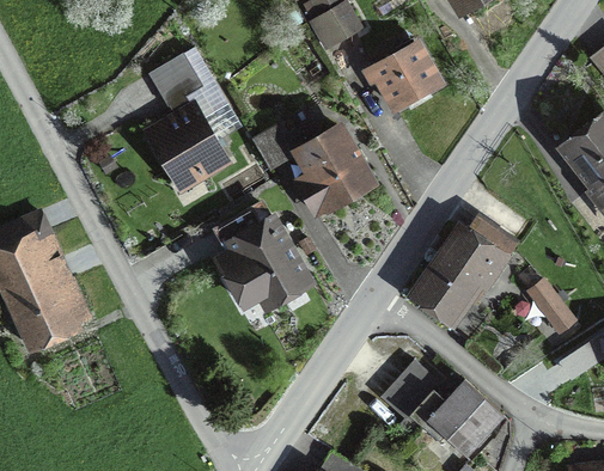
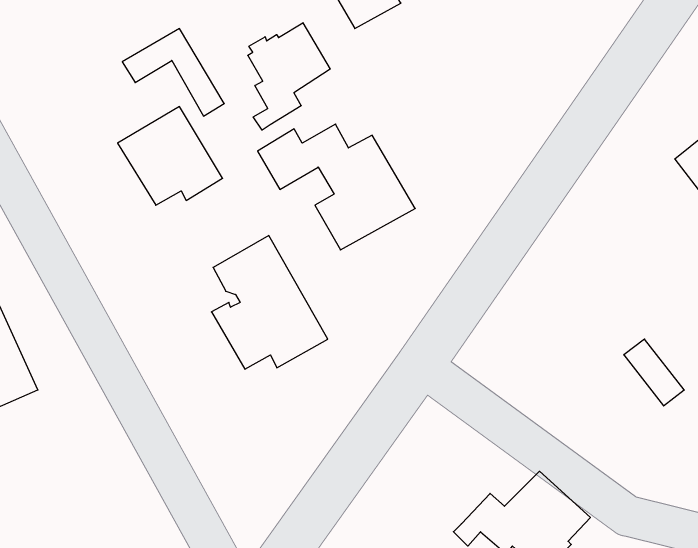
building: none -> [248,23,330,130]
building: [367,45,438,106] -> none
building: [416,215,517,319] -> none
building: [383,361,440,420] -> none

